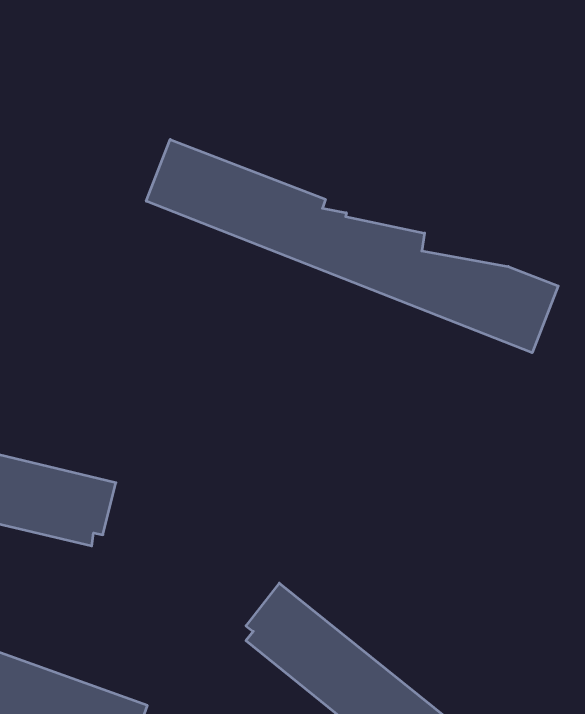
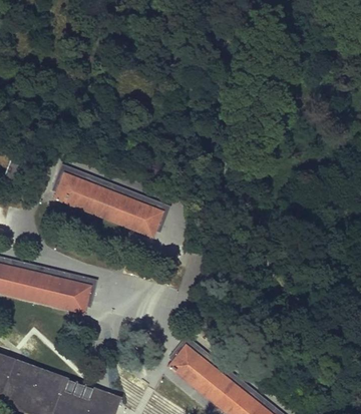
building: [146,139,558,353] -> none
building: none -> [51,163,169,238]

